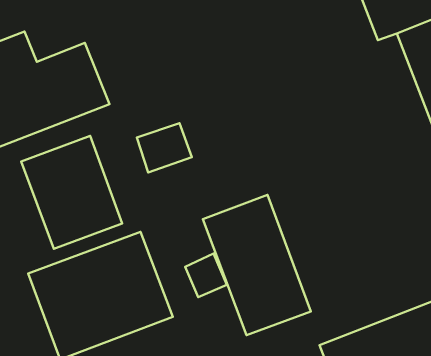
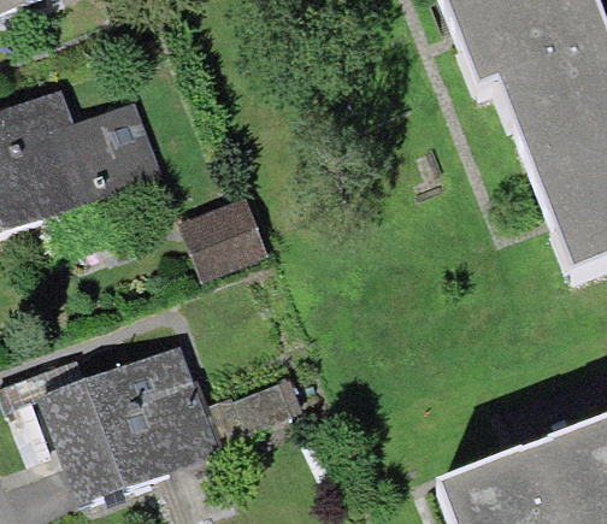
building: [21,136,122,249] -> none
building: [203,195,311,335] -> none

